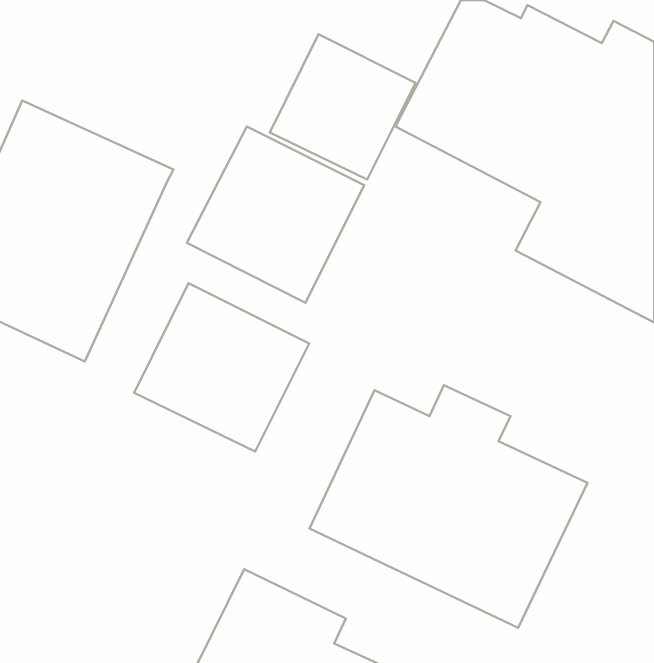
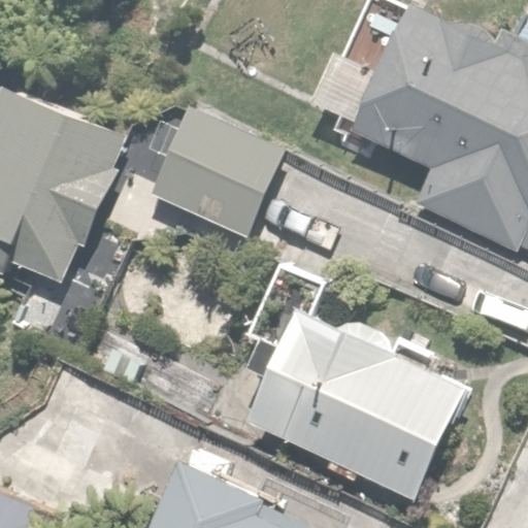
building: [270,34,416,180] -> none
building: [134,283,309,451] -> none

